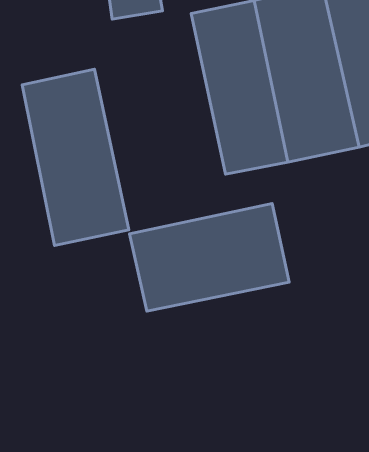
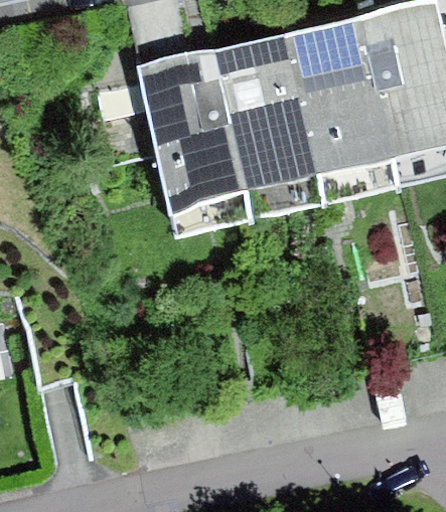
building: [22,69,129,246] -> [132,19,248,210]
building: [130,204,289,311] -> none

